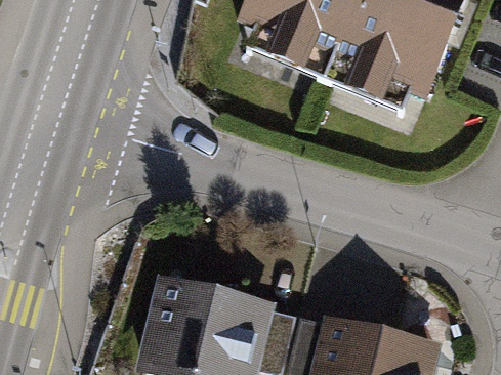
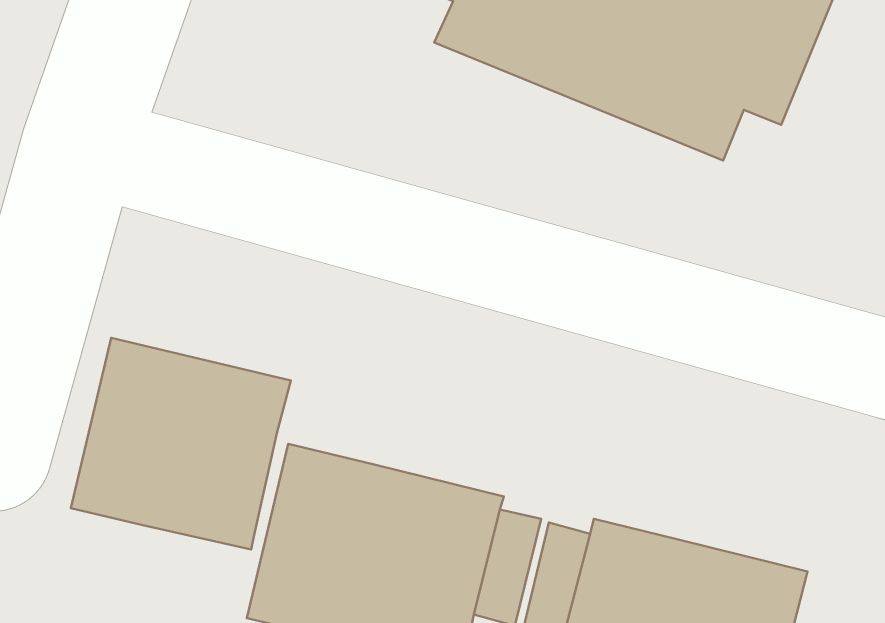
building: none -> [71,338,291,549]

